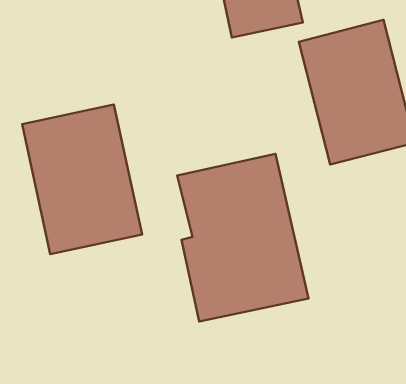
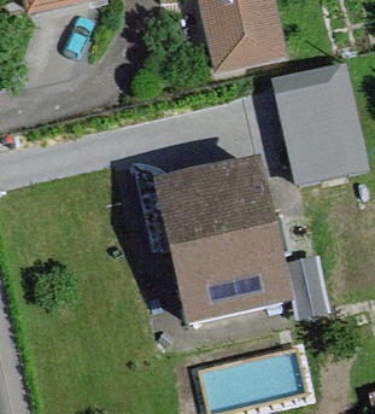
building: [22,105,142,254] -> none

